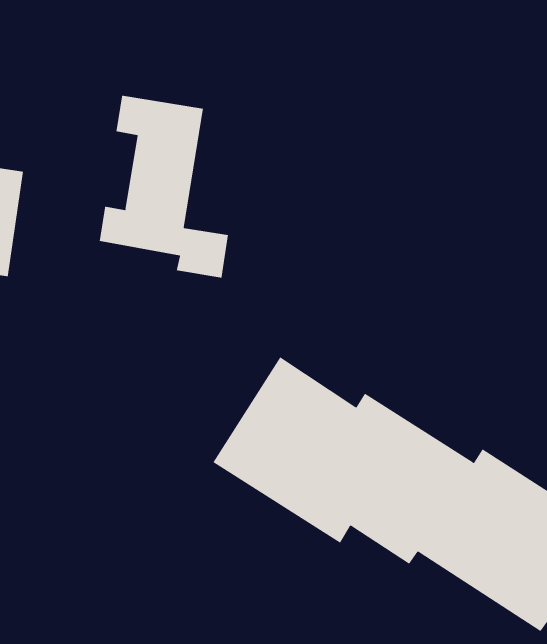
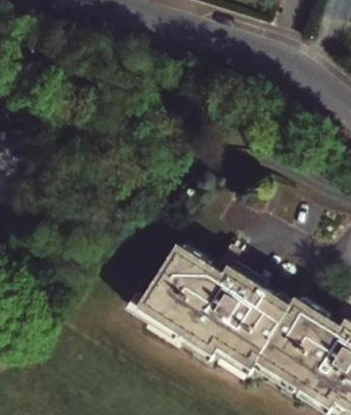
building: [99,95,229,278] -> none

